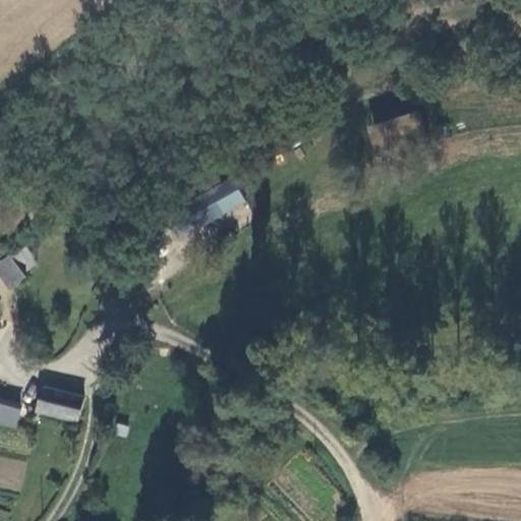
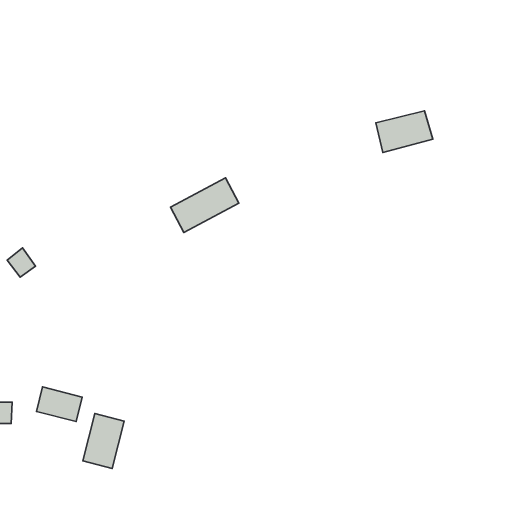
building: none -> [83,414,124,468]

